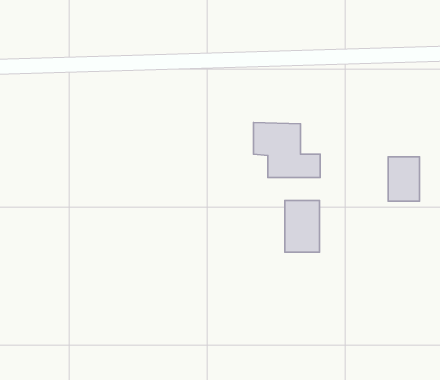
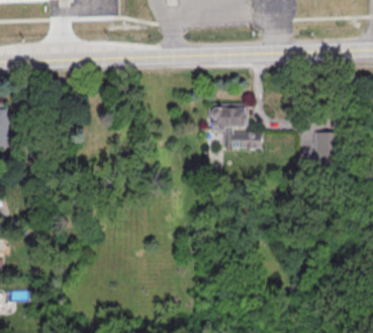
building: [285,200,319,252] -> none

